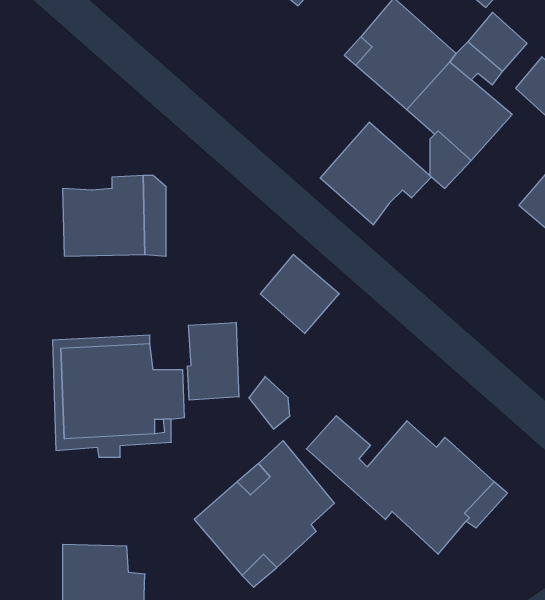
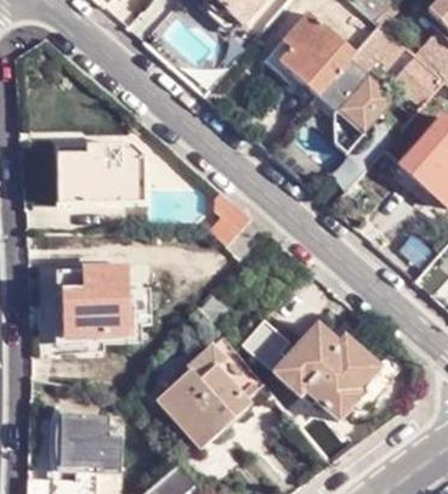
building: [320,122,432,225] -> none
building: [187,322,239,400] -> none

